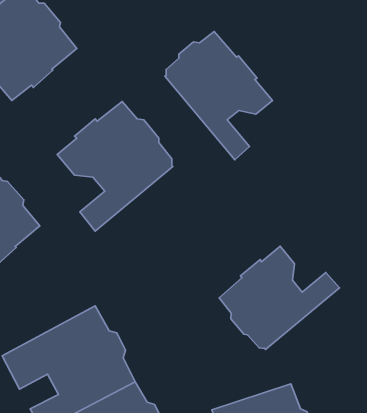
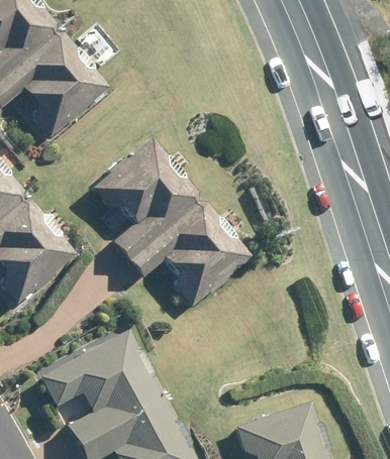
building: [165,32,272,160] -> none
building: none -> [124,200,250,308]
building: [219,246,340,350] -> none

